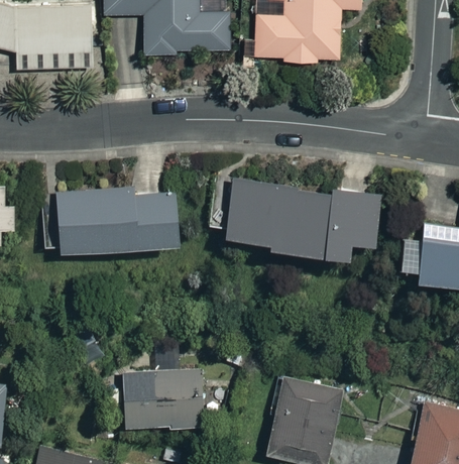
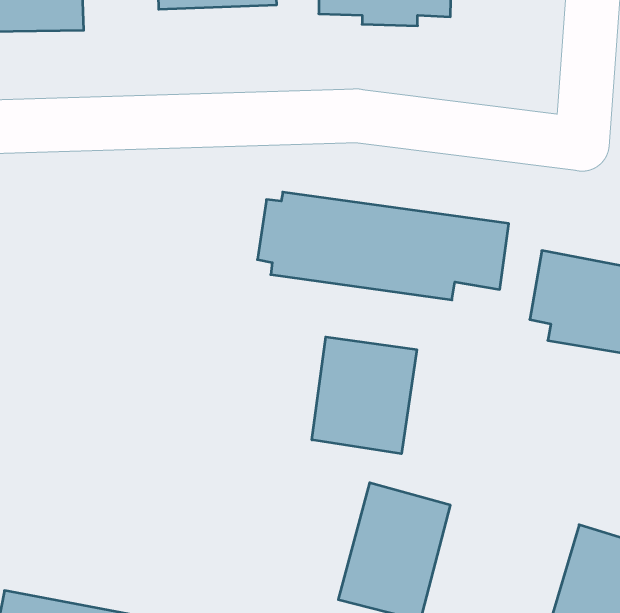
building: [43,193,171,245] -> none
building: none -> [312,337,417,454]
building: [123,372,201,426] -> none

